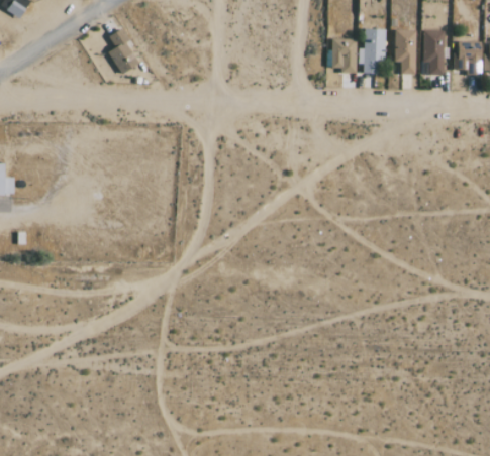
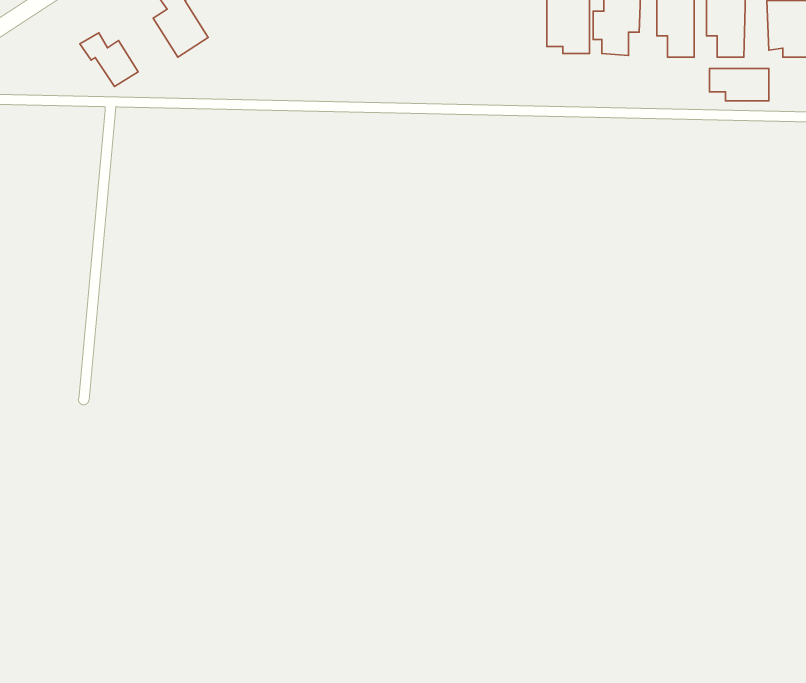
building: none -> [80,33,138,87]
building: none -> [709,69,769,101]

